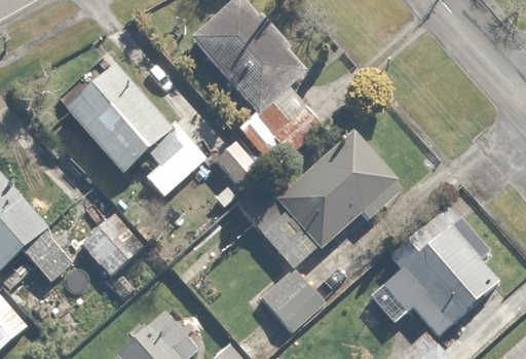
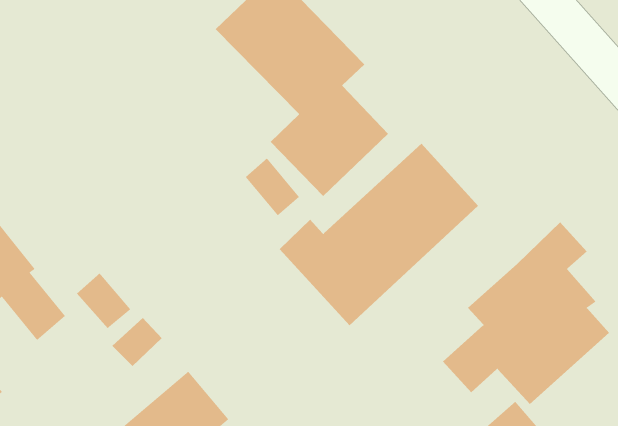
building: [66,64,206,199] -> none
building: [262,272,321,331] -> none

